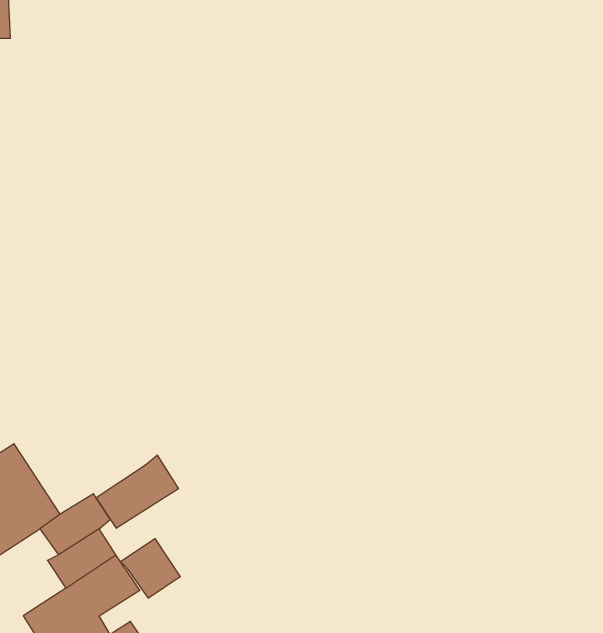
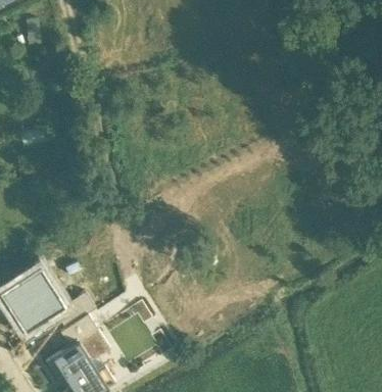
building: [96,455,178,528] -> none
building: [120,539,180,598] -> none

